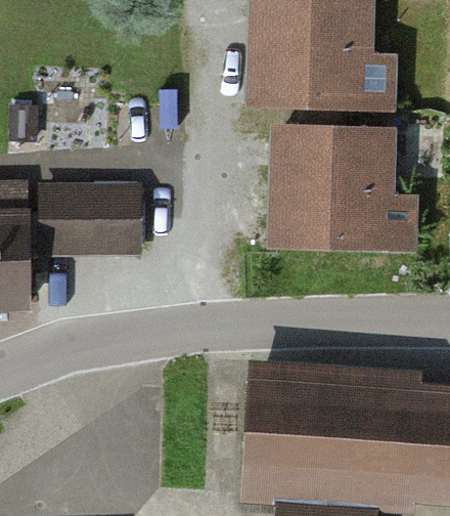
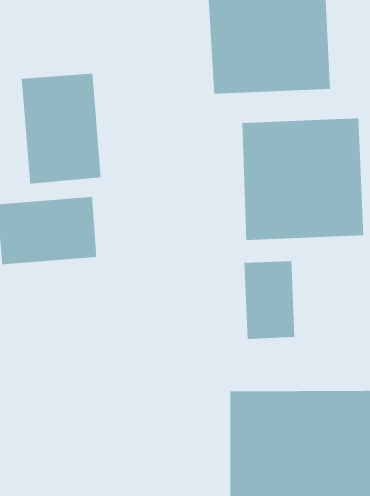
building: none -> [21,73,101,184]
building: none -> [244,260,295,340]

